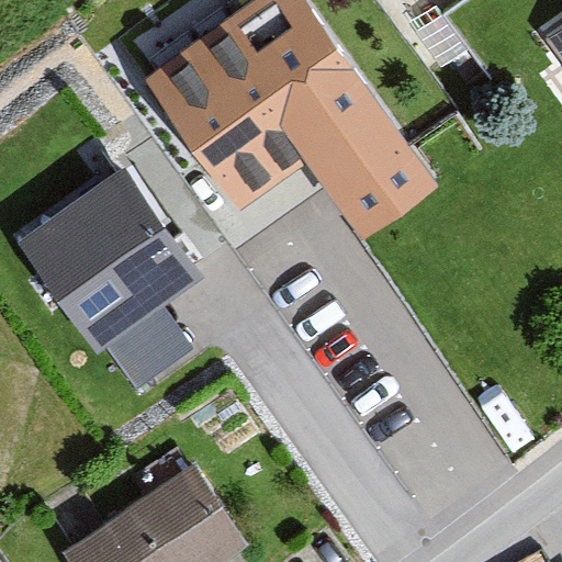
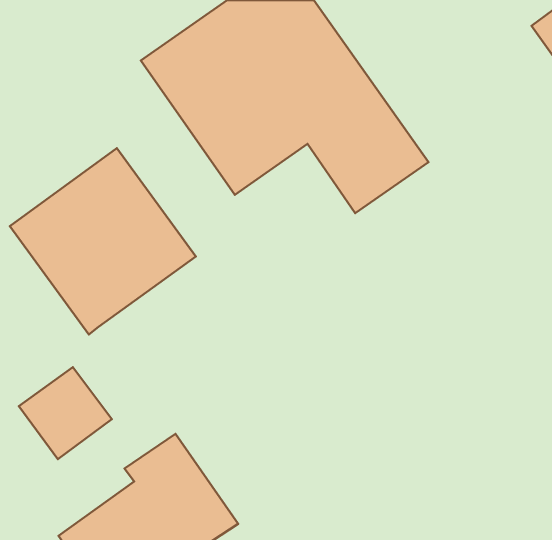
building: [101,305,195,398] -> [19,367,112,459]

